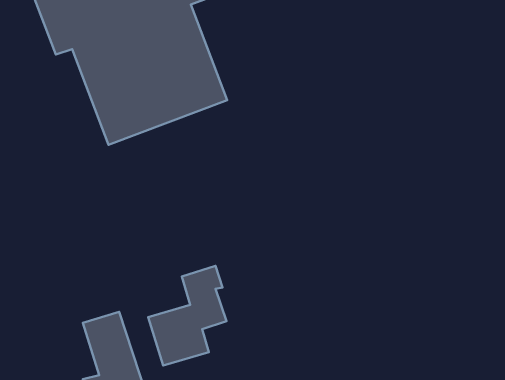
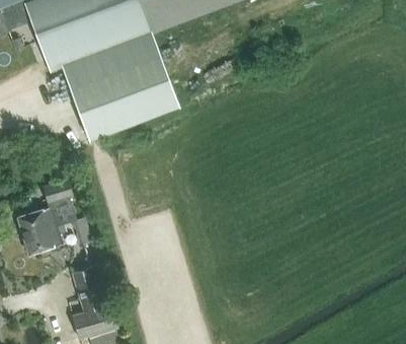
building: [148,266,226,366] -> [16,178,75,253]

